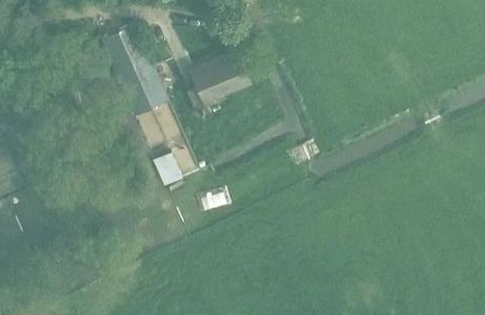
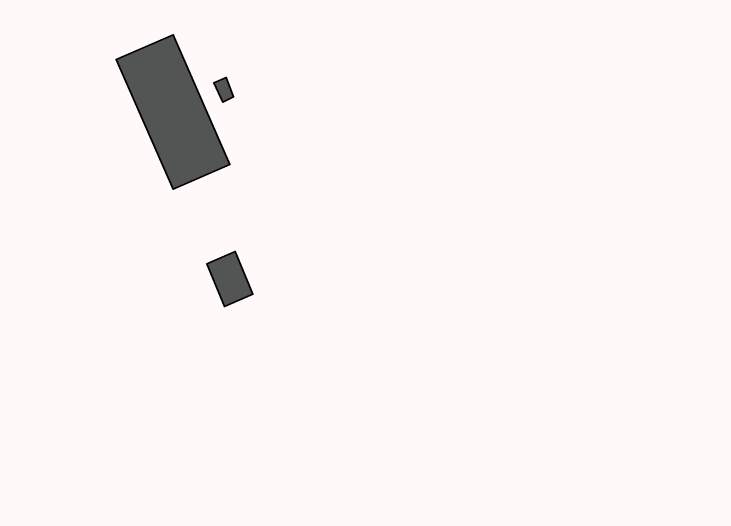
building: [186,51,249,117] -> none

